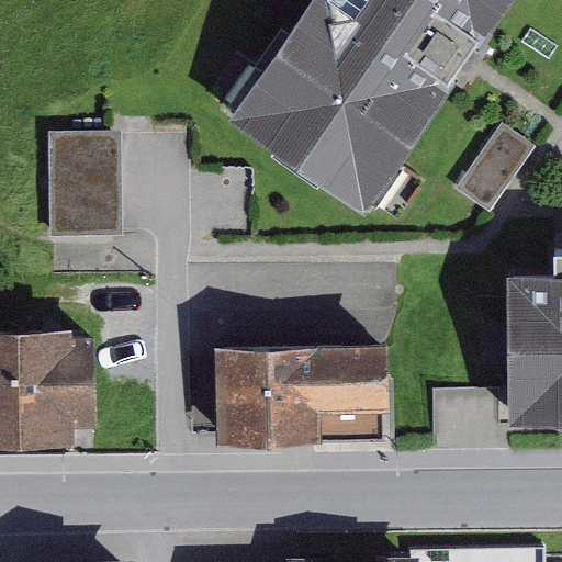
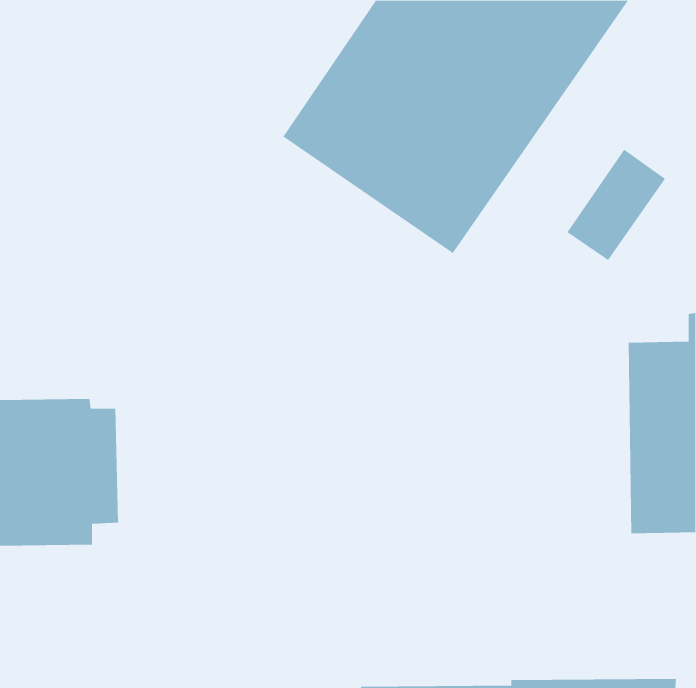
building: [48,137,122,241] -> none
building: [214,342,387,447] -> none

